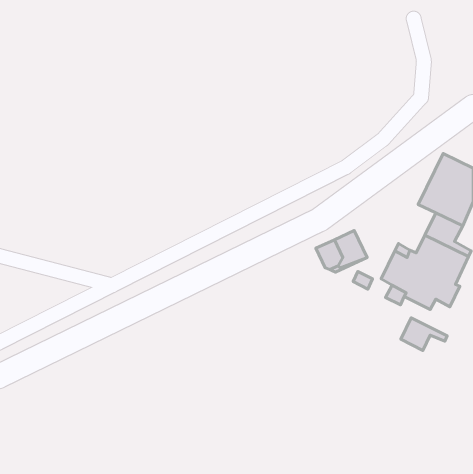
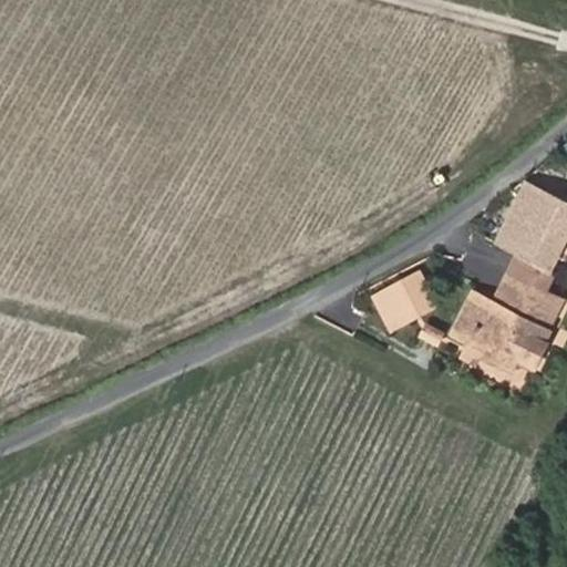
building: [401,318,447,350] -> none

